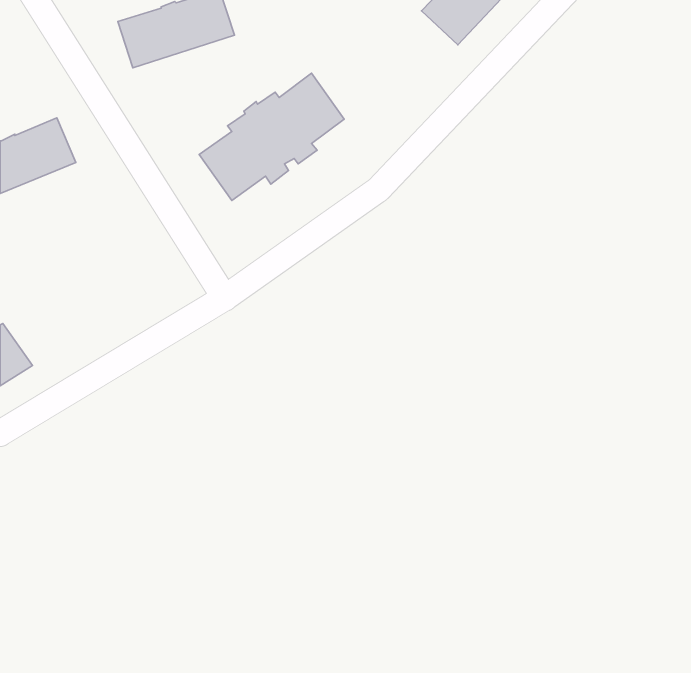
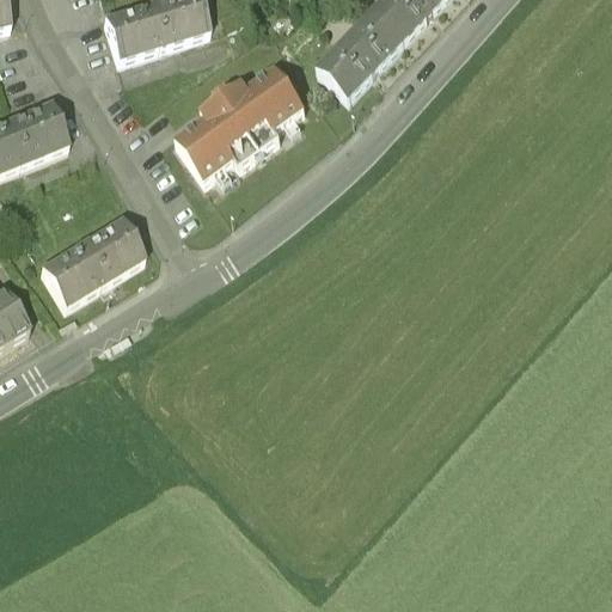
building: none -> [318,10,405,98]
building: none -> [42,213,146,300]

